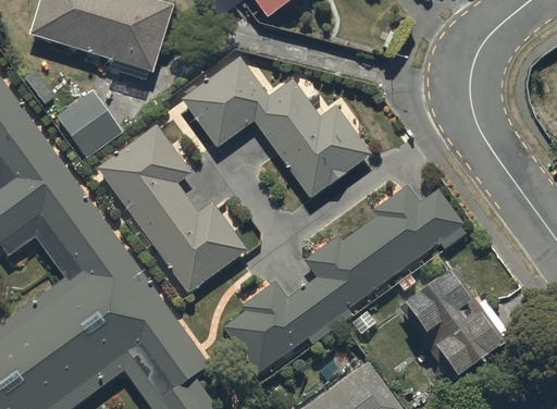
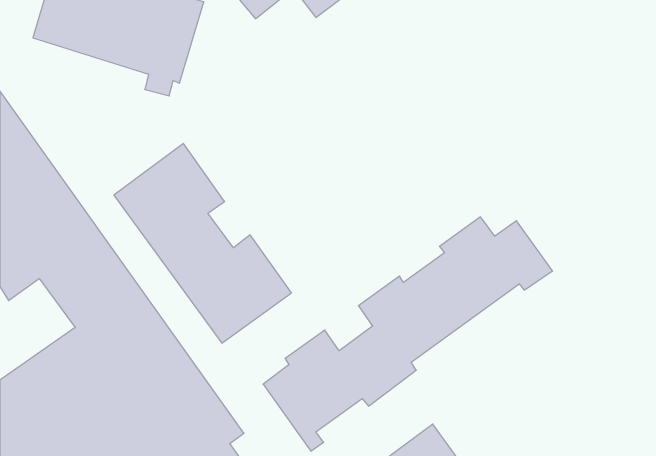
building: [180,54,371,198] -> none
building: [51,91,122,159] -> none
building: [398,265,503,379] -> none

